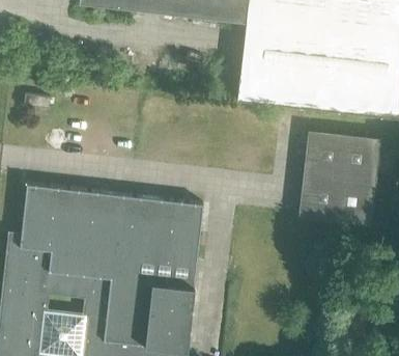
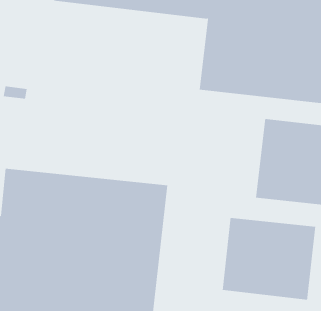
building: none -> [222,217,316,301]

